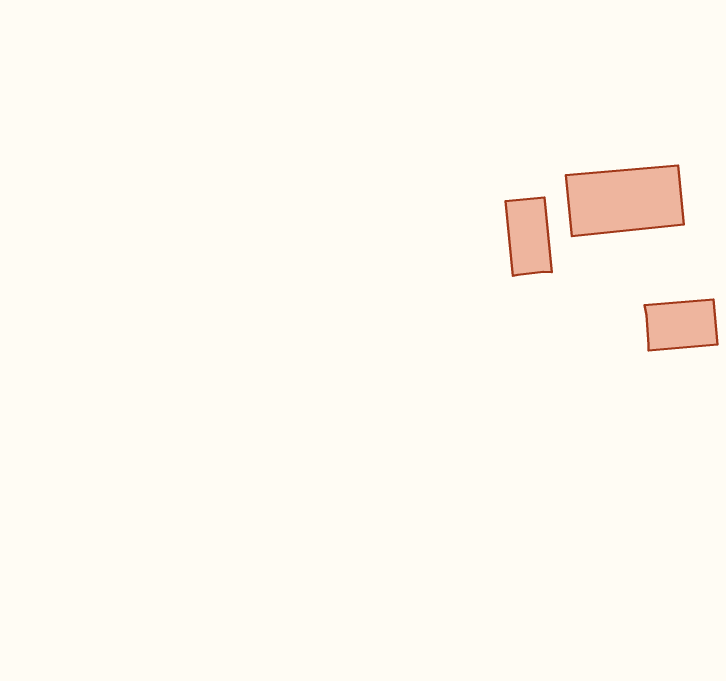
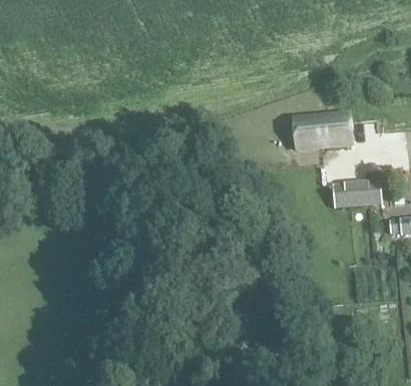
building: [506,197,552,276] -> none

